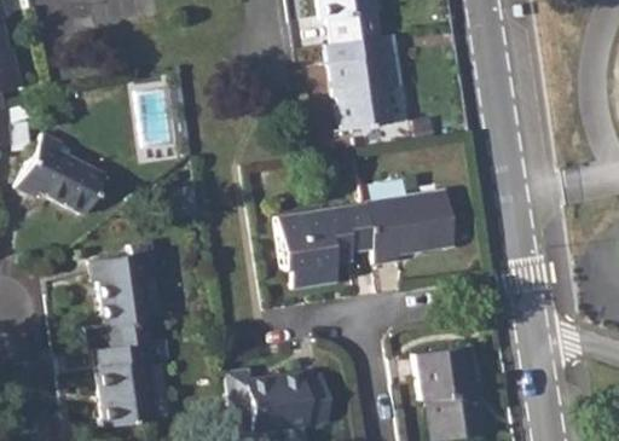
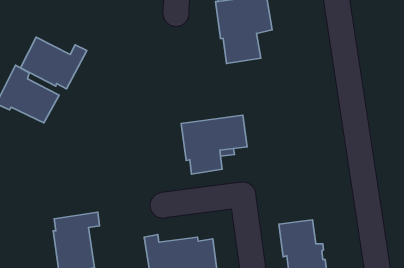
building: none -> [20,37,87,89]
building: [366,192,453,262] -> none
building: [93,254,151,330] -> none

